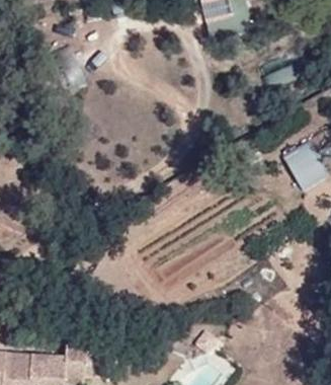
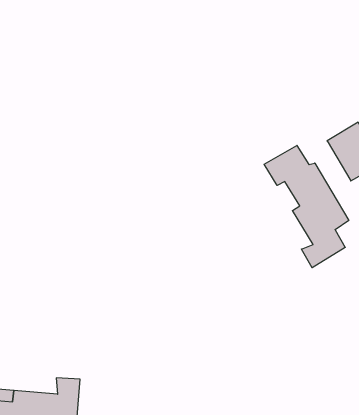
building: none -> [264,145,349,268]

